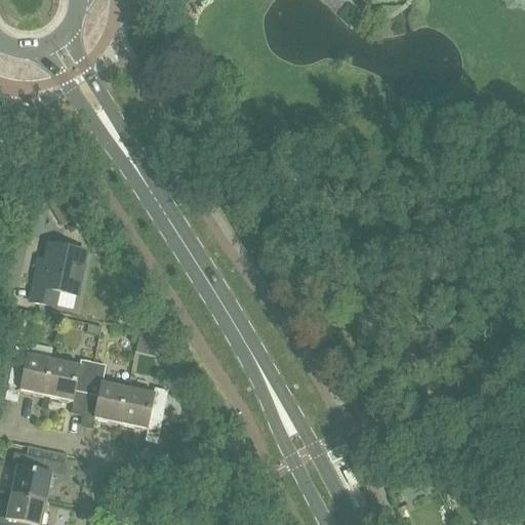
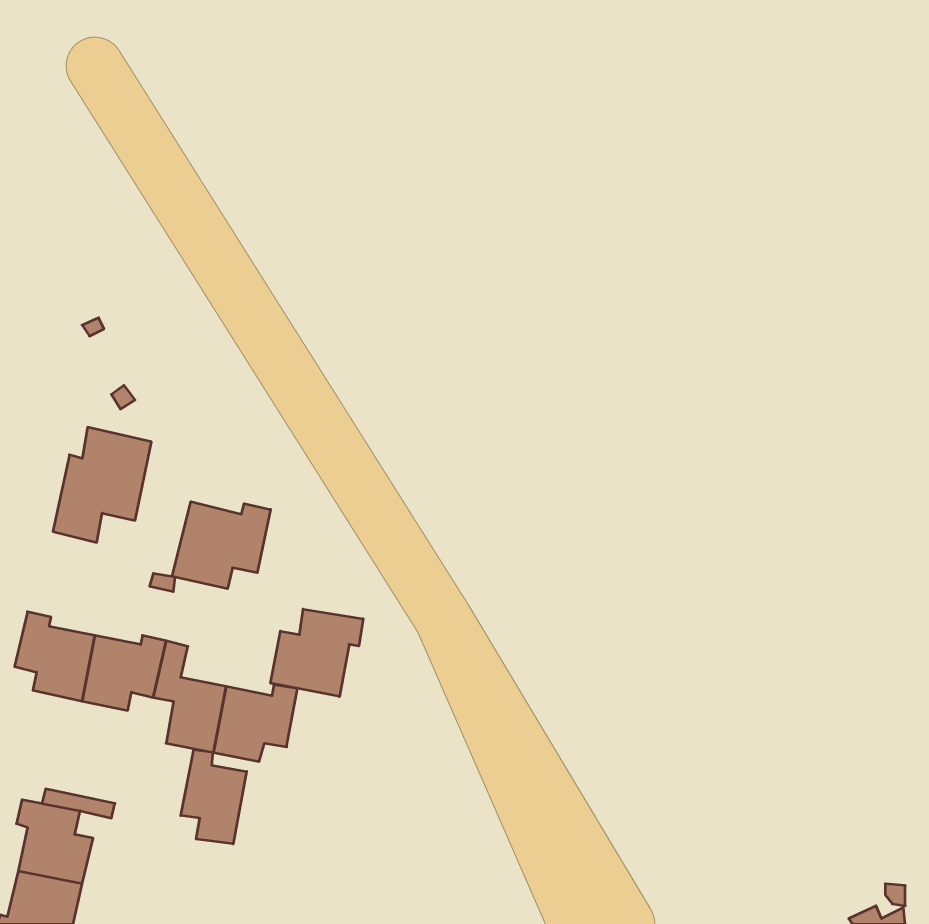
building: none -> [172,502,271,589]
building: none -> [271,609,363,697]
building: none -> [181,749,247,844]

